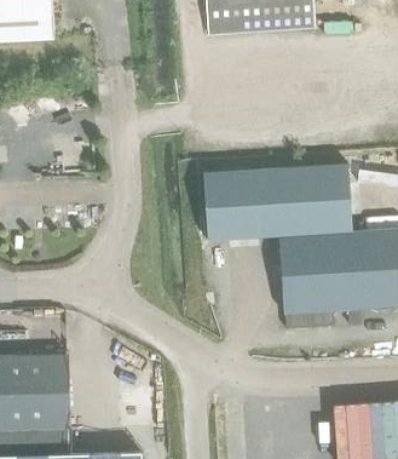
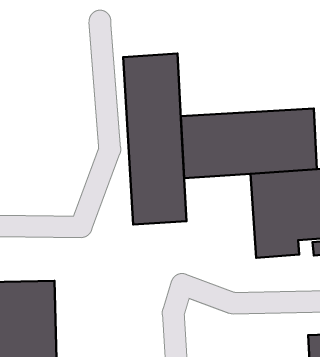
building: none -> [123,54,186,225]

